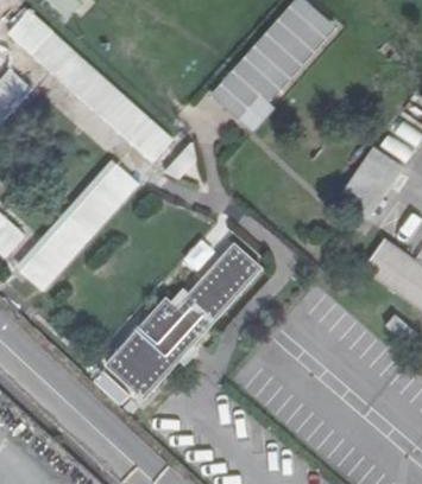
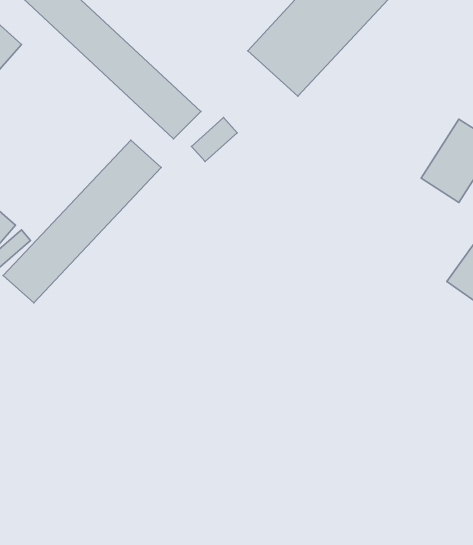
building: [106,238,264,399] -> none

